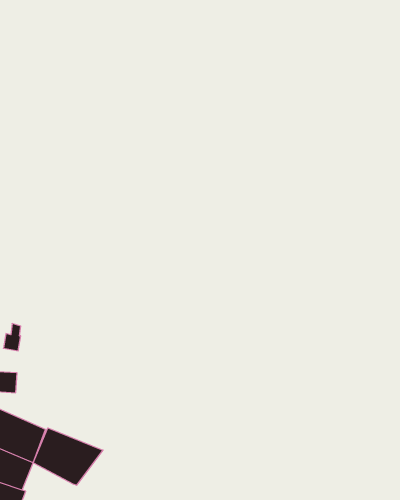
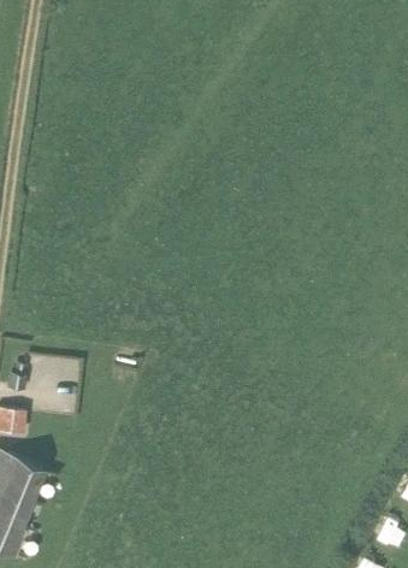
building: [33,428,103,485] -> none

